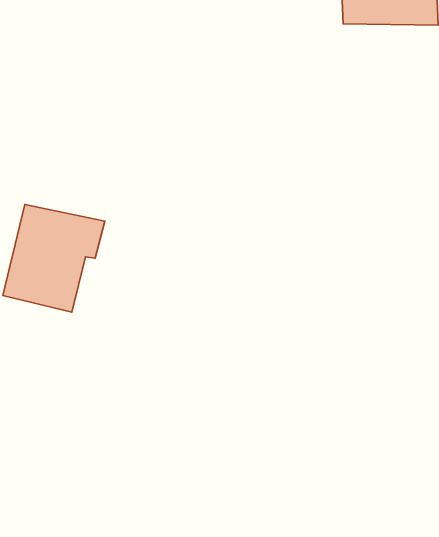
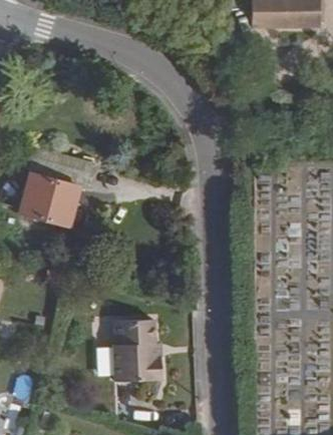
building: none -> [111,321,159,386]

